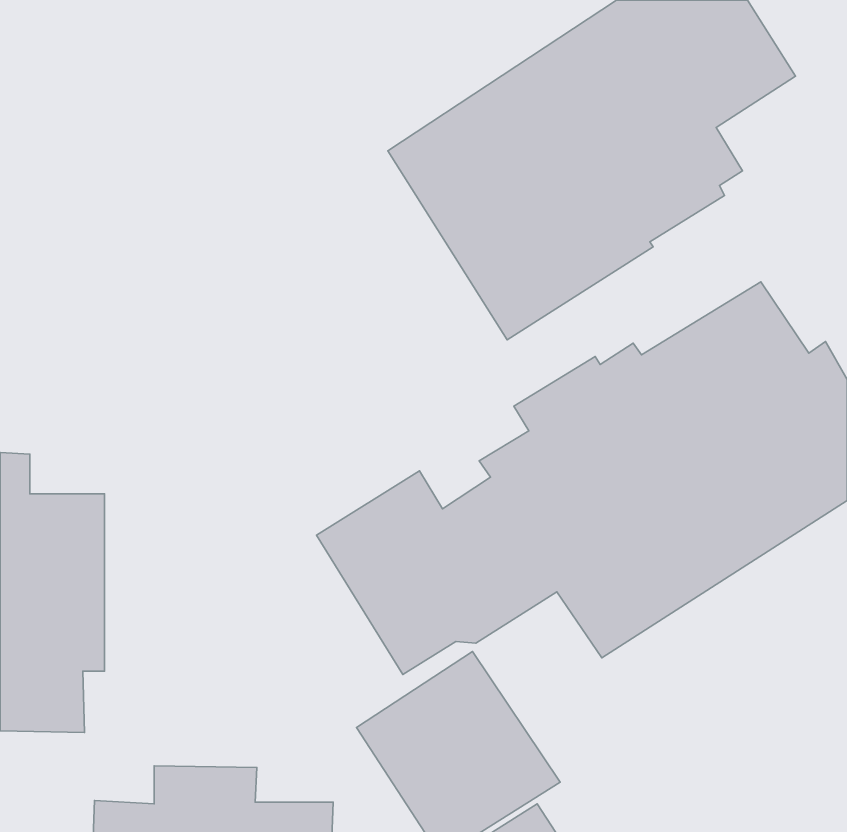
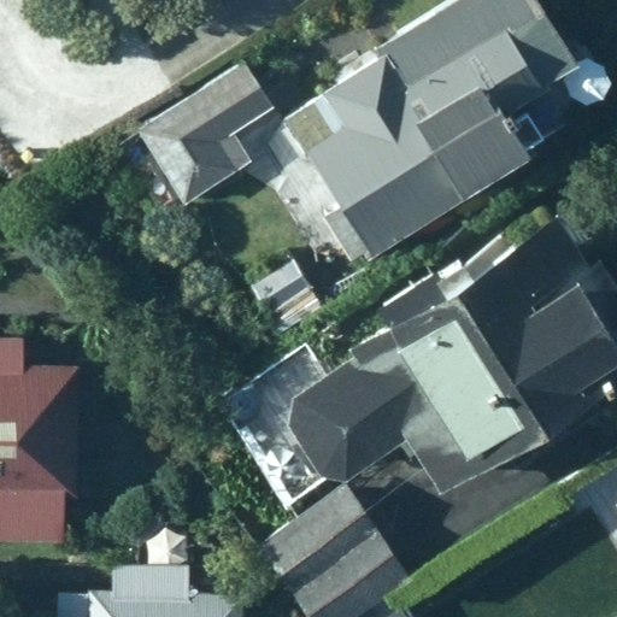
building: none -> [136,66,272,208]

